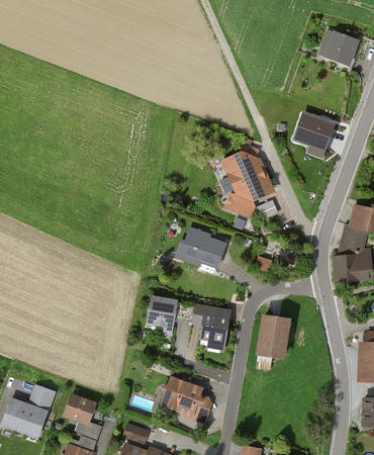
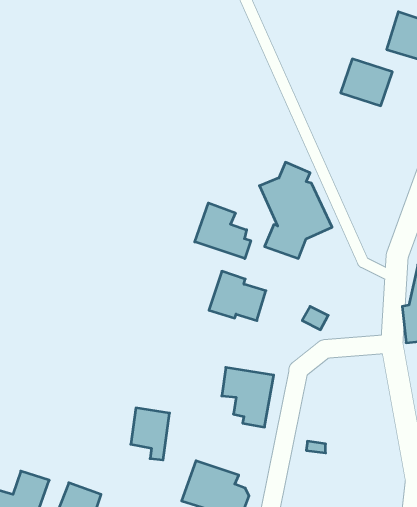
building: [293,113,334,150] -> [341,59,392,106]
building: none -> [195,203,251,259]
building: [147,295,177,336] -> [131,408,170,460]
building: [255,313,291,359] -> none

